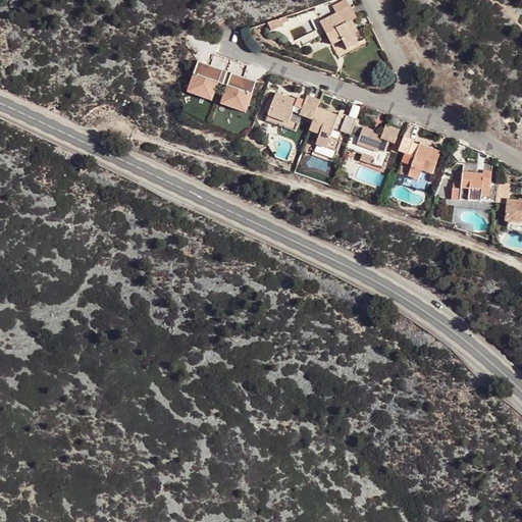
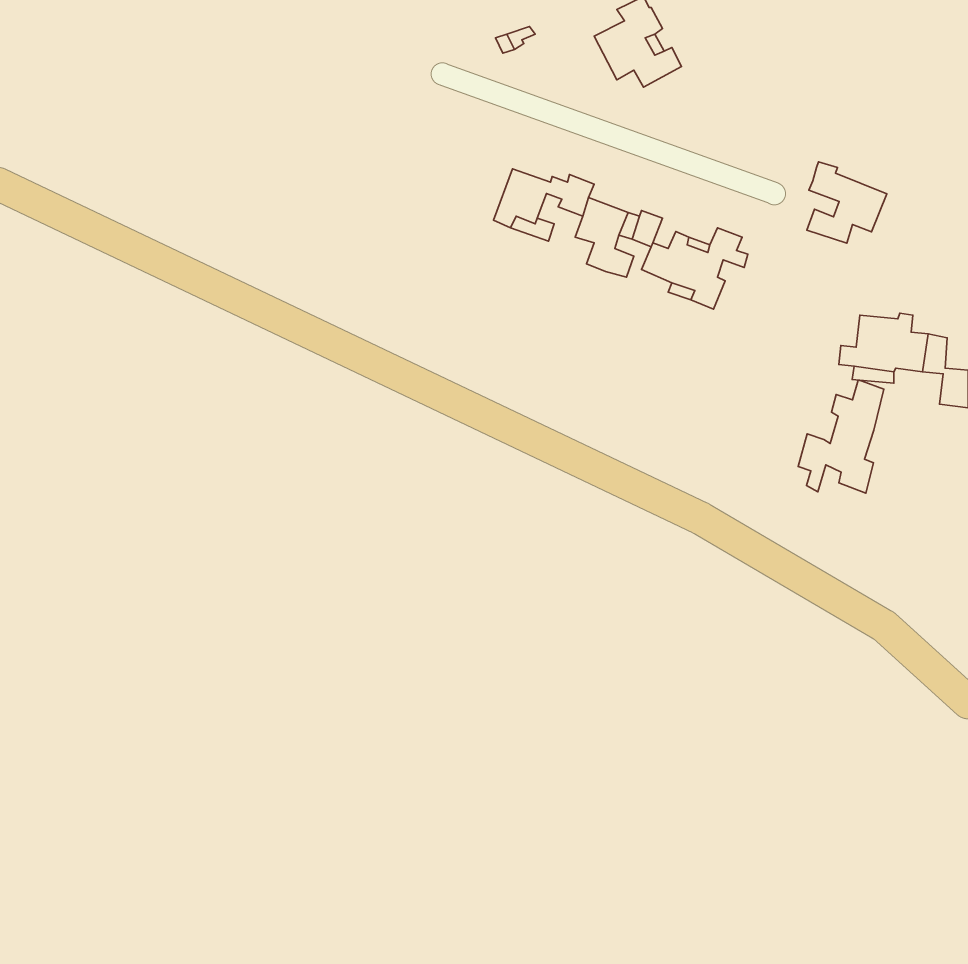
building: [186,62,257,114] -> none
building: [397,134,439,177] -> [807,162,887,243]
building: none -> [798,380,884,493]

